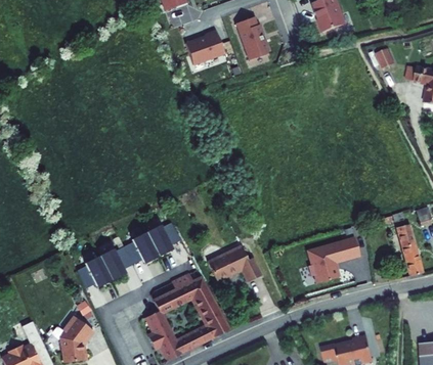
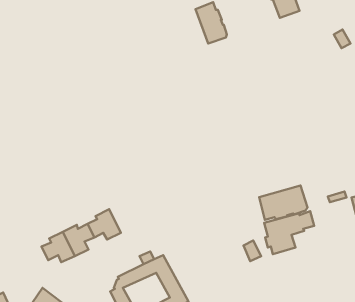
building: [184,30,223,64] -> none
building: none -> [259,186,307,220]
building: [144,223,177,257] -> none
building: [209,245,263,283] -> none

